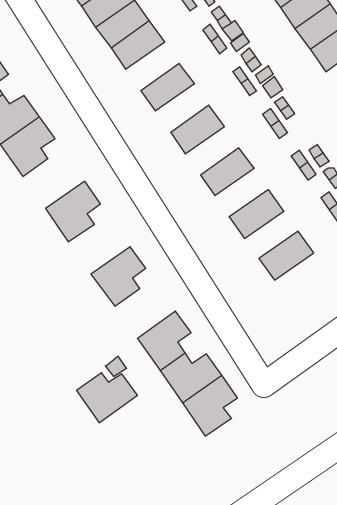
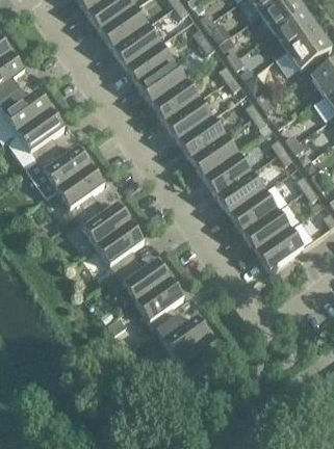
building: none -> [125,42,172,84]
building: none -> [151,78,198,121]
building: none -> [177,115,224,158]
building: none -> [25,143,89,194]
building: none -> [203,152,250,194]
building: none -> [229,189,276,231]
building: none -> [75,201,129,244]
building: none -> [255,226,303,269]
building: [77,373,137,423] -> [115,257,169,300]

